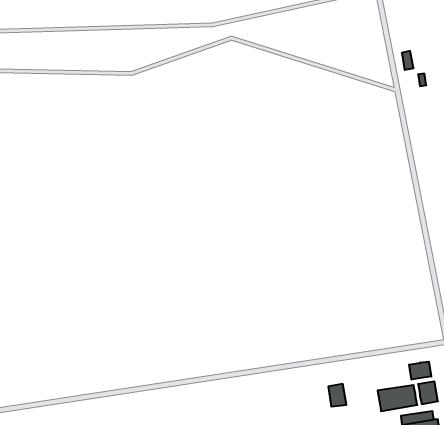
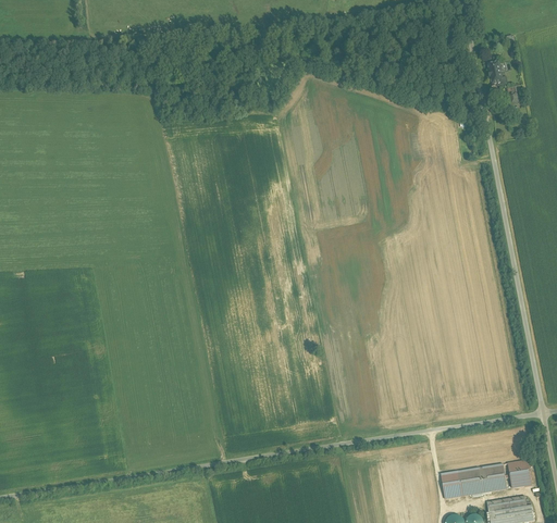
building: [409,362,431,380] -> none
building: [328,384,346,406] -> [441,471,462,498]

